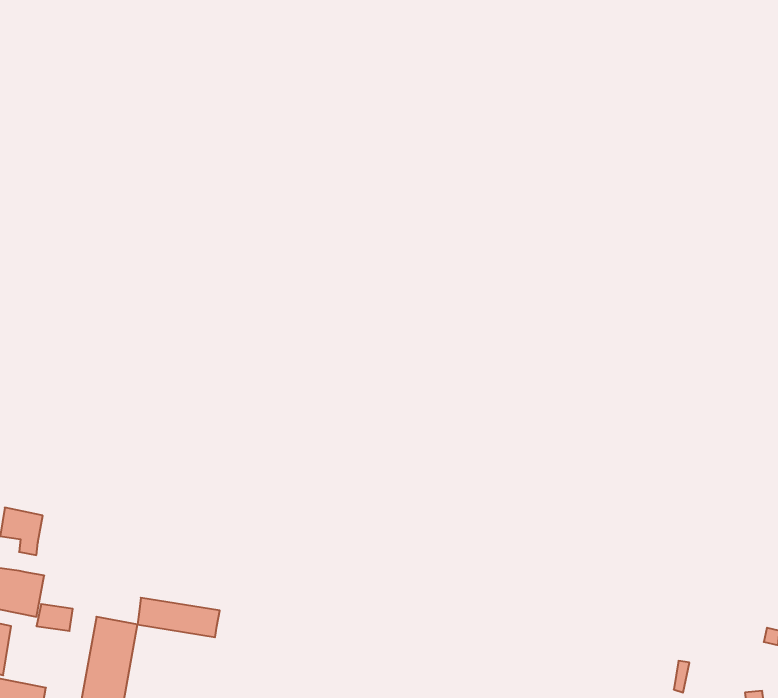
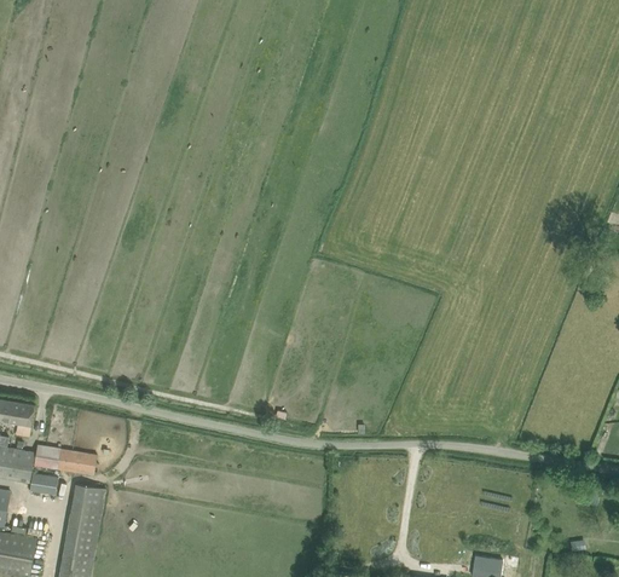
building: [138,598,220,637] -> [34,445,97,475]

